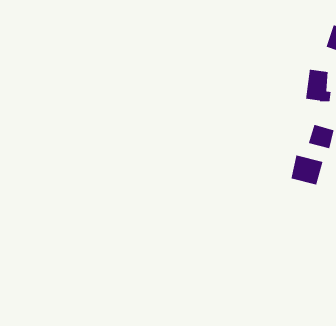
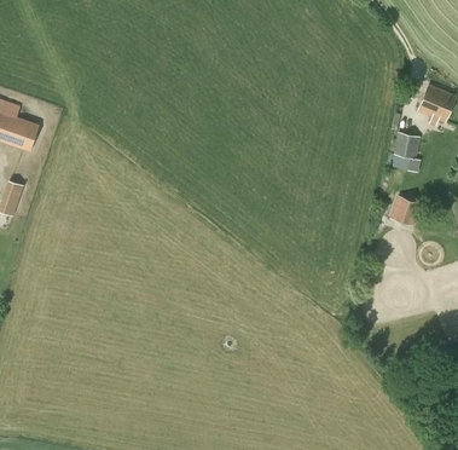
building: [290,154,323,185] -> none

